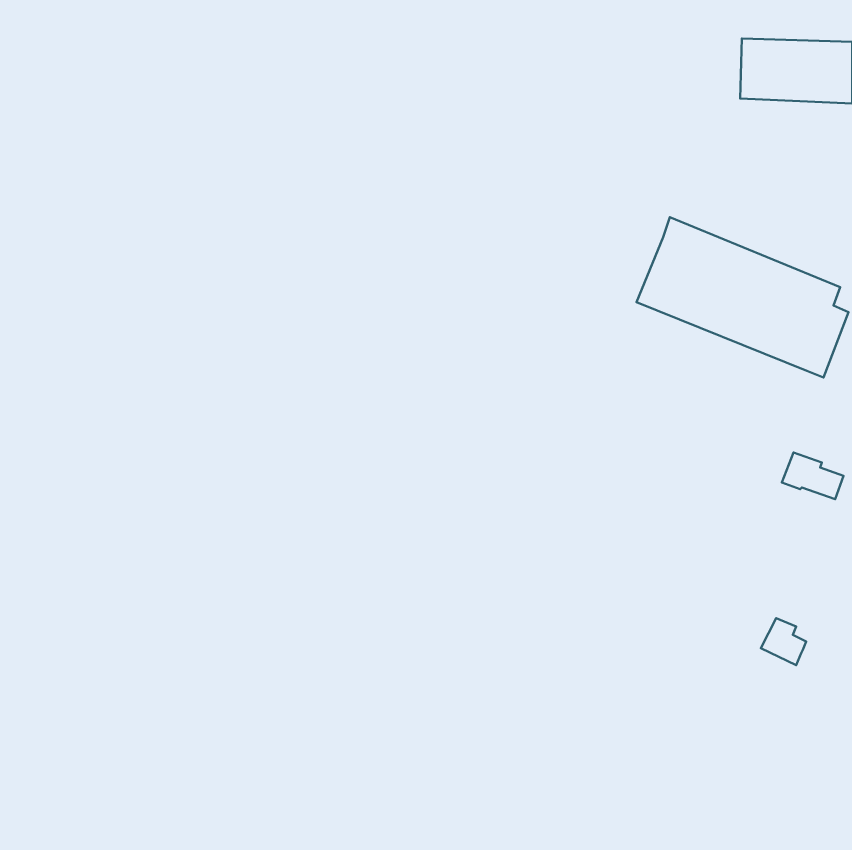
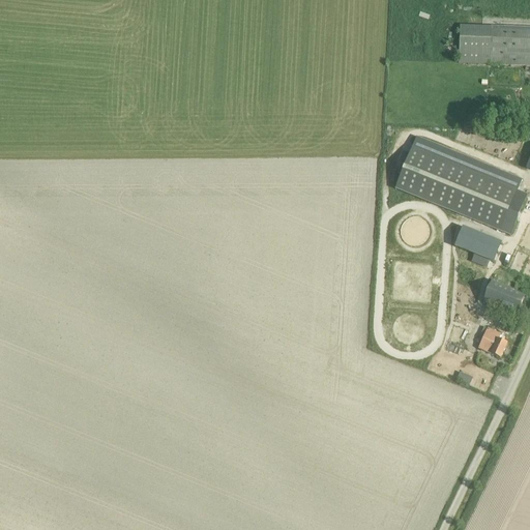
building: none -> [454,227,501,261]
building: [761,618,806,665] -> [478,327,506,356]

